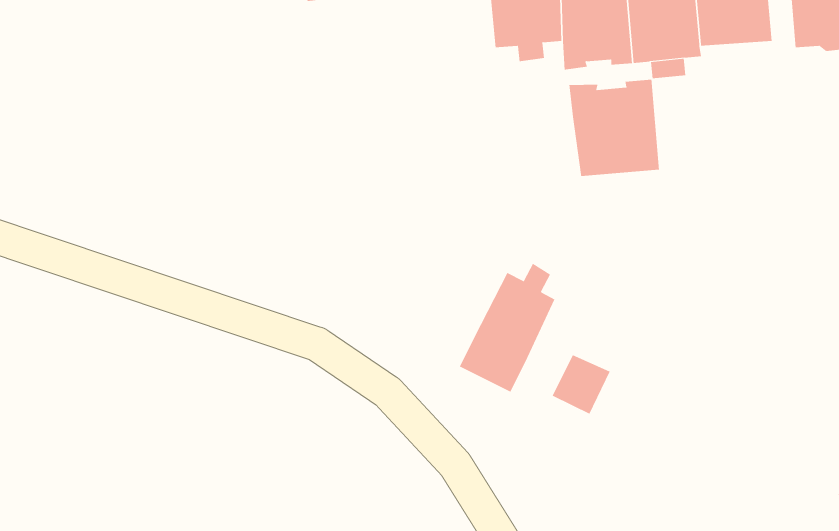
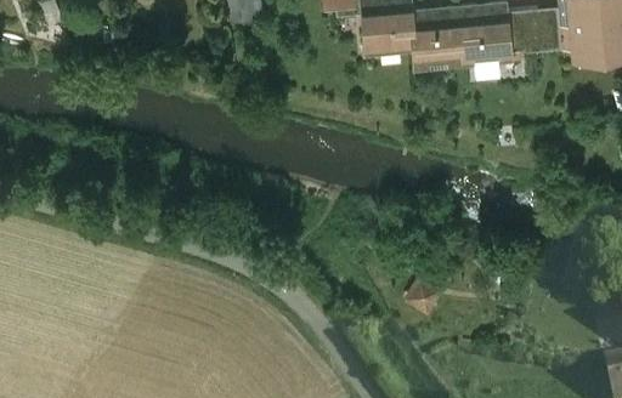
building: [569,79,659,177] -> none
building: [459,263,555,393] -> none

